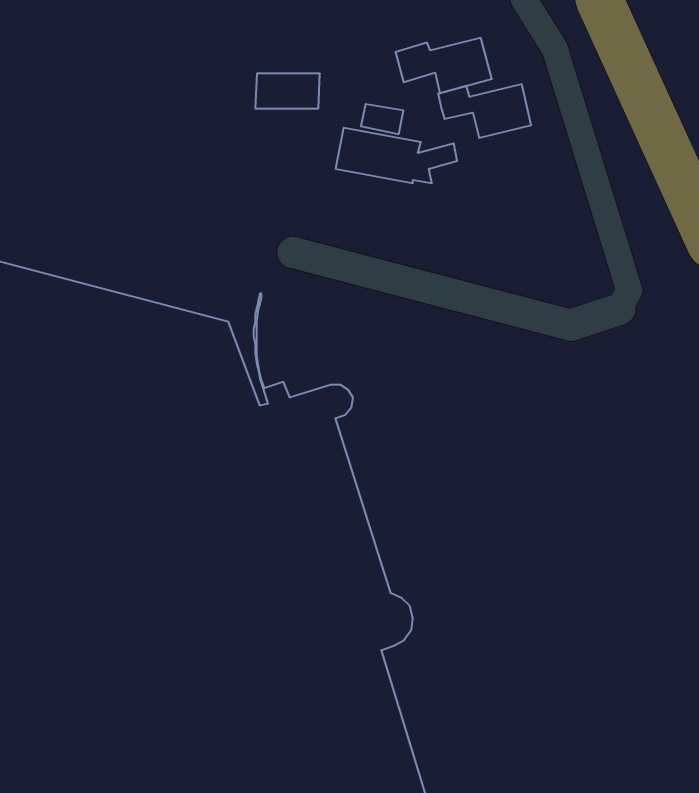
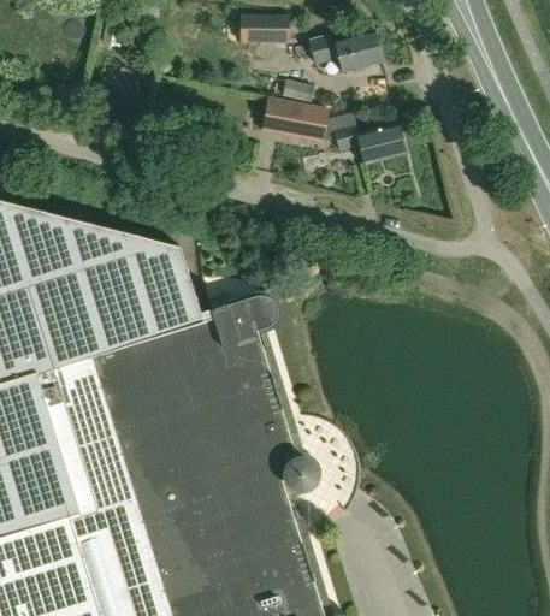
building: [255,74,320,108] -> [238,17,288,43]
building: [438,84,531,138] -> [332,124,403,165]

